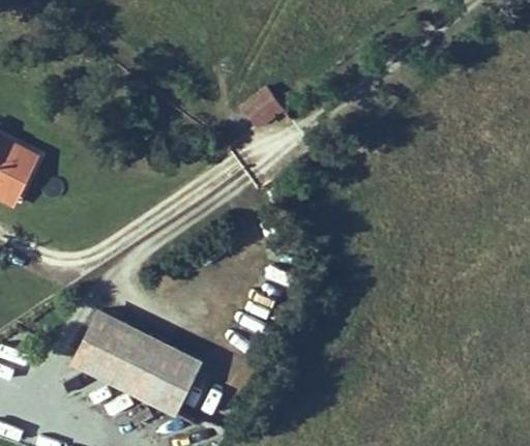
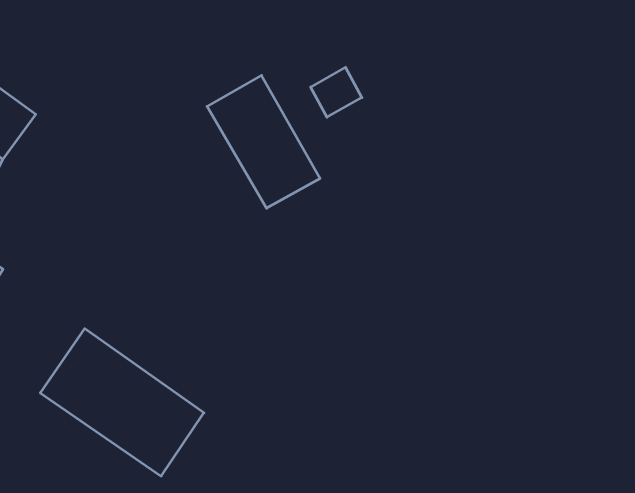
building: none -> [207,75,320,208]

